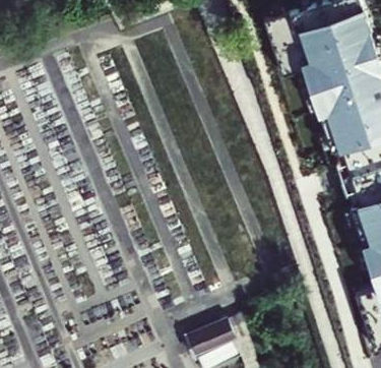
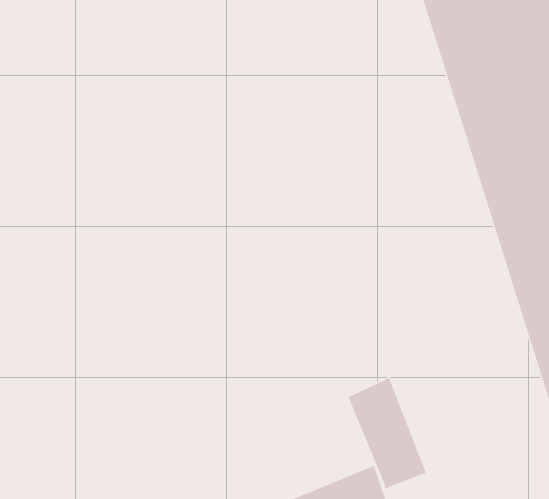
building: none -> [347,377,427,490]

